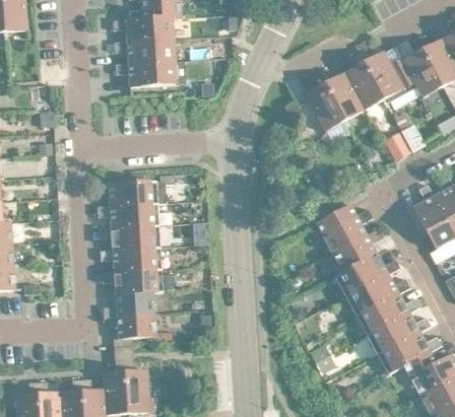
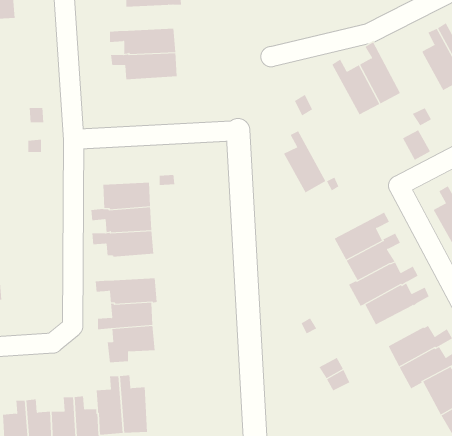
building: [113,18,175,42] -> none
building: [359,48,414,99] -> none
building: [306,73,345,131] -> [283,130,326,193]
building: [101,248,157,272] -> none
building: [361,293,421,333] -> none

